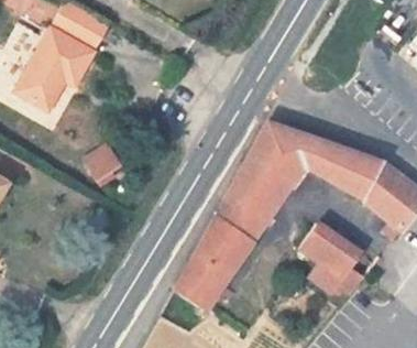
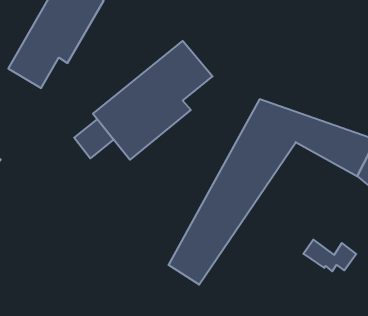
building: none -> [93,41,213,160]
building: [301,222,361,279] -> none

